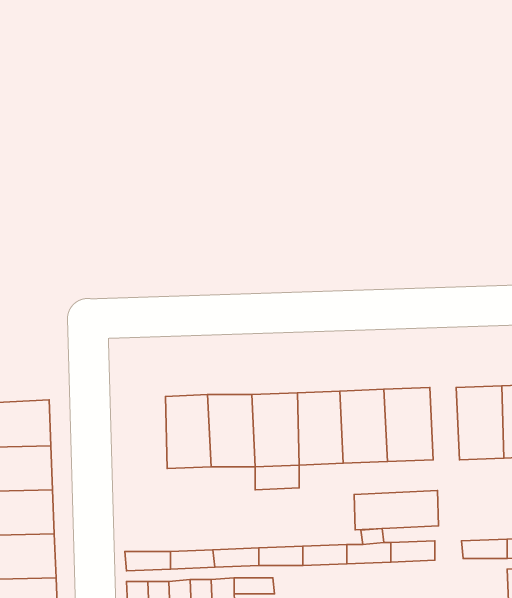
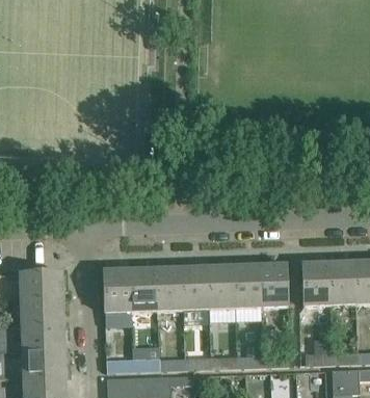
building: none -> [103,269,131,313]
building: [354,491,438,530] -> none

